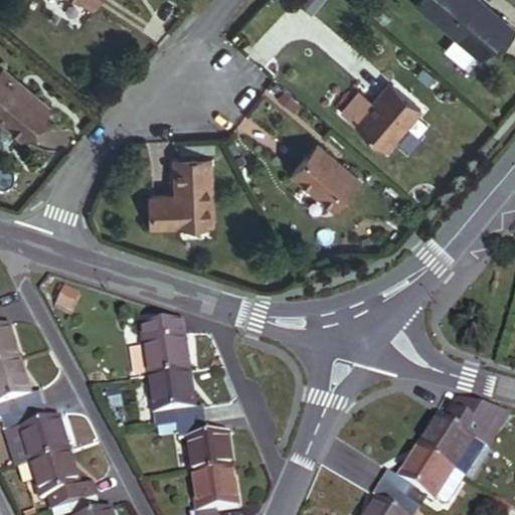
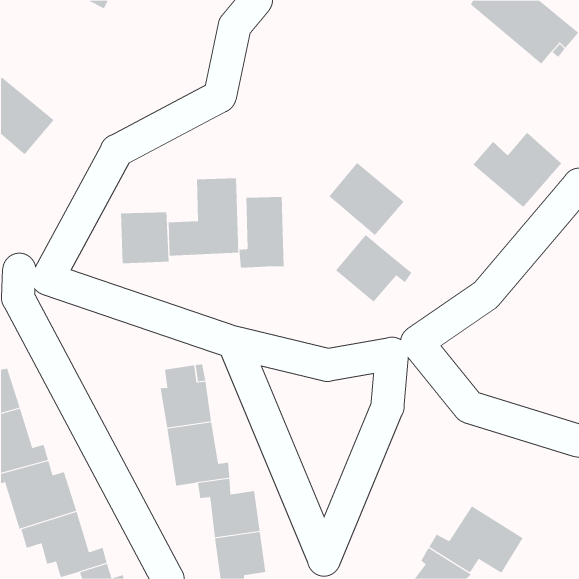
building: [341,82,420,150] -> [473,132,562,208]
building: none -> [239,196,284,268]
building: none -> [121,211,169,264]
building: none -> [335,234,412,302]
building: [418,402,505,478] -> none

